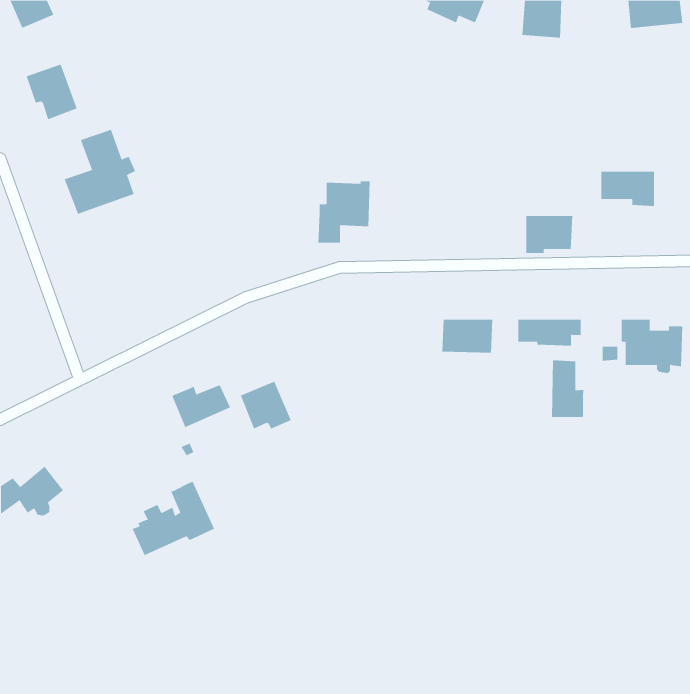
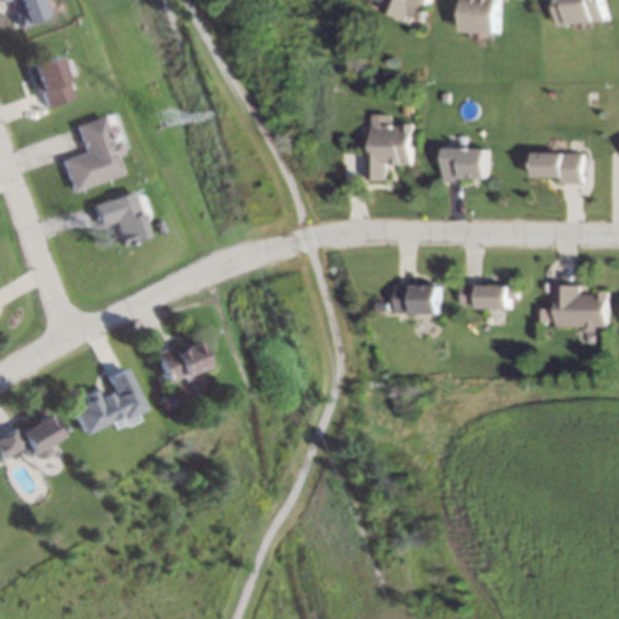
building: [318,181,371,243] -> [369,123,416,179]
building: none -> [93,190,147,244]
building: [525,216,573,254] -> [450,147,492,181]
building: [552,360,584,418] -> none
building: [240,381,292,429] -> none
building: [132,481,215,556] -> [73,368,146,434]

